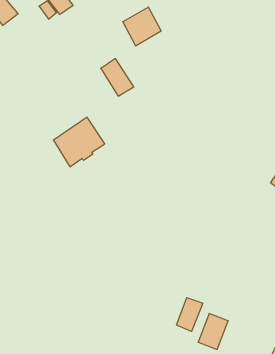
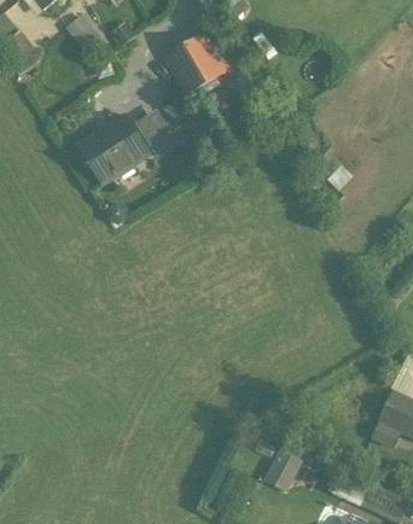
building: [53,117,105,167] -> [81,116,149,181]
building: [176,298,203,331] -> none

